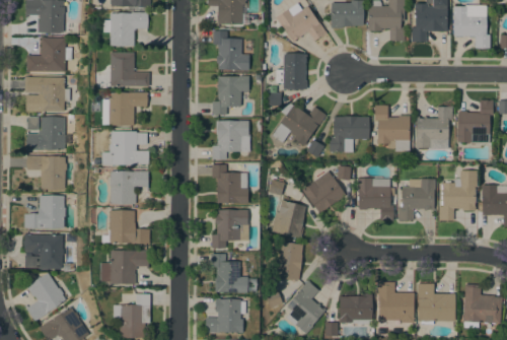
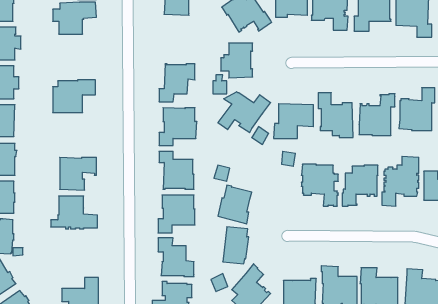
building: [213,30,249,69] -> none
building: [103,50,149,86] -> none
building: [108,130,149,164] -> none
building: [301,171,346,213] -> none
building: [100,250,148,283] -> none

